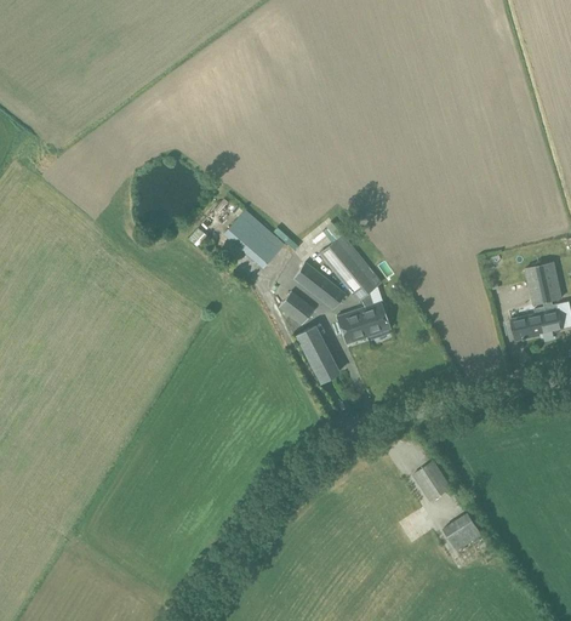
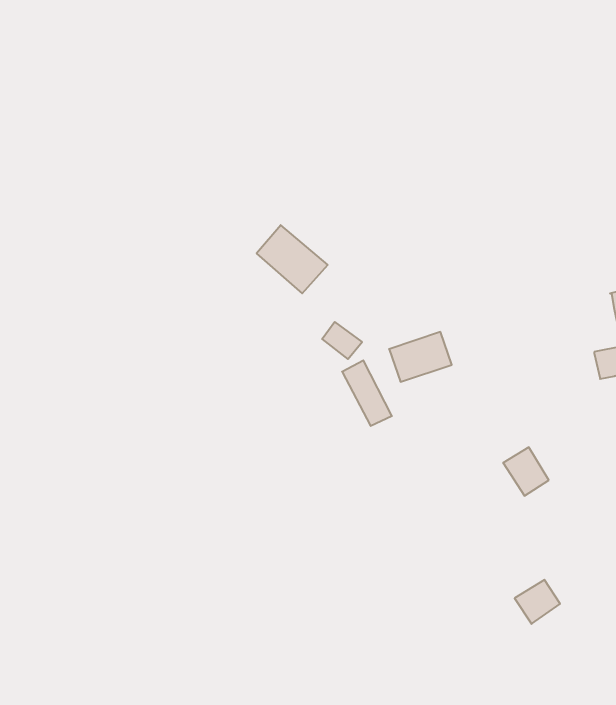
building: [319,239,381,301] -> none
building: [293,263,344,308] -> none
building: [412,460,451,501] -> [503,447,549,496]

